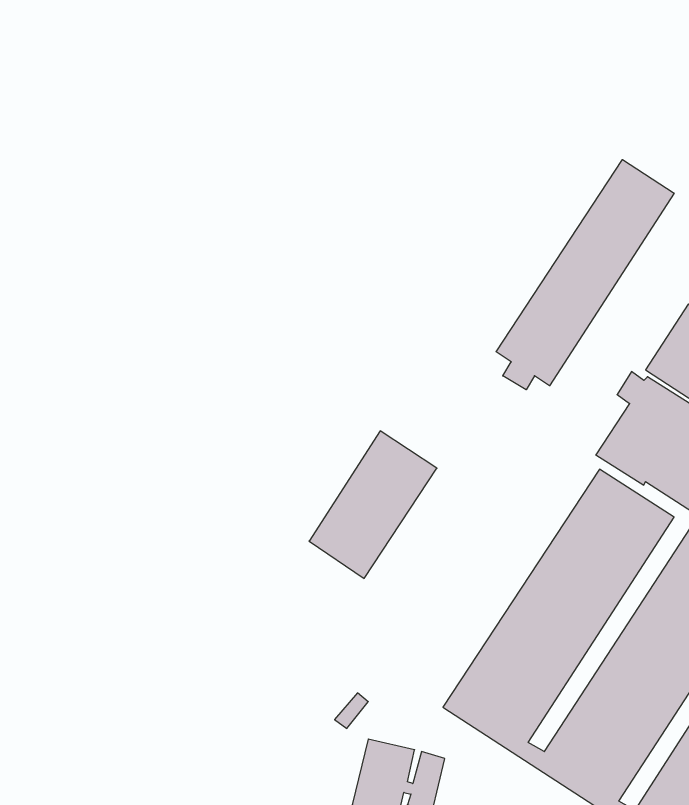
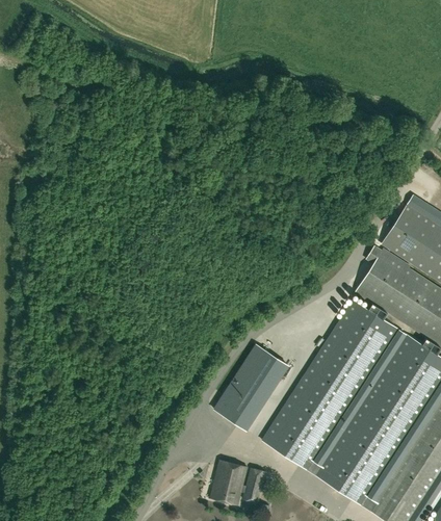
building: [496,160,674,390] -> none
building: [309,431,437,578] -> [214,343,289,429]

